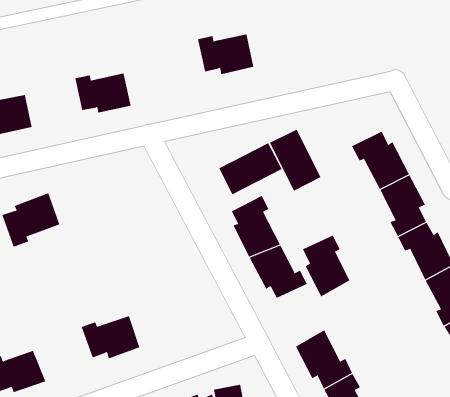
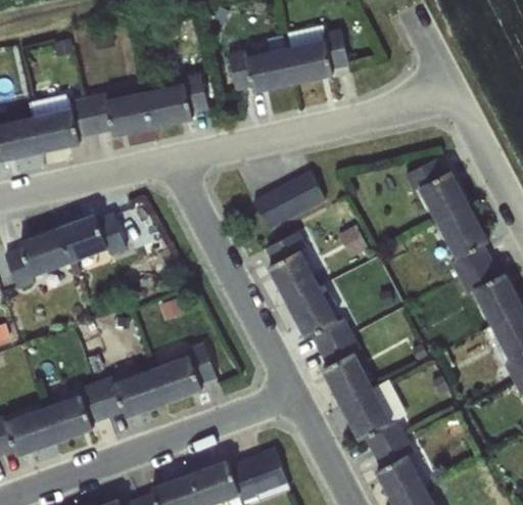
building: none -> [285,28,350,84]
building: none -> [144,73,209,129]
building: none -> [31,97,95,153]
building: [269,129,321,191] -> none
building: none -> [57,215,126,265]
building: [302,235,350,297] -> [319,333,374,405]
building: none -> [150,343,217,406]
building: none -> [40,382,107,445]

